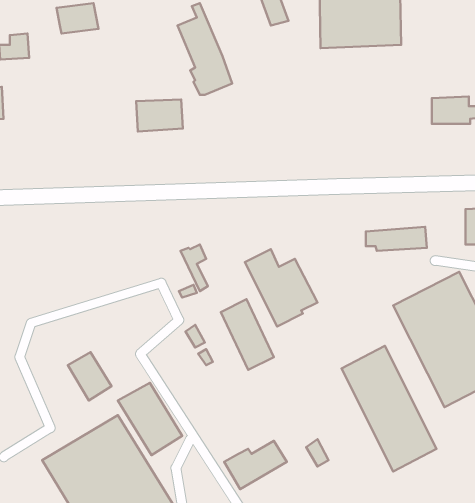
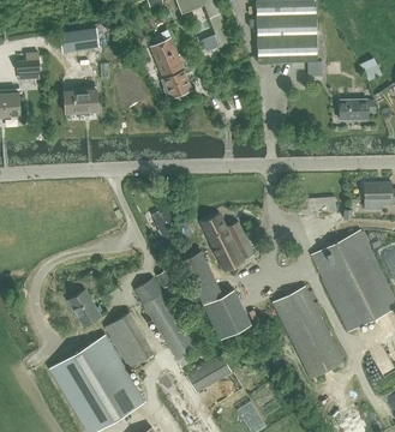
building: [136,99,183,132] -> [64,90,98,114]
building: none -> [133,277,196,367]
building: none -> [202,290,250,341]

